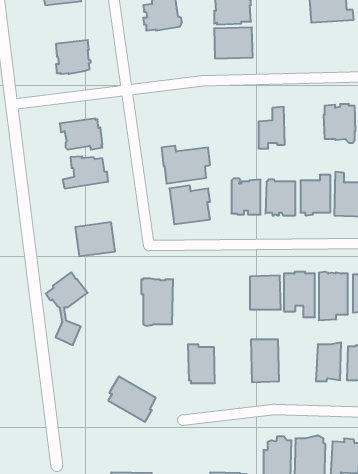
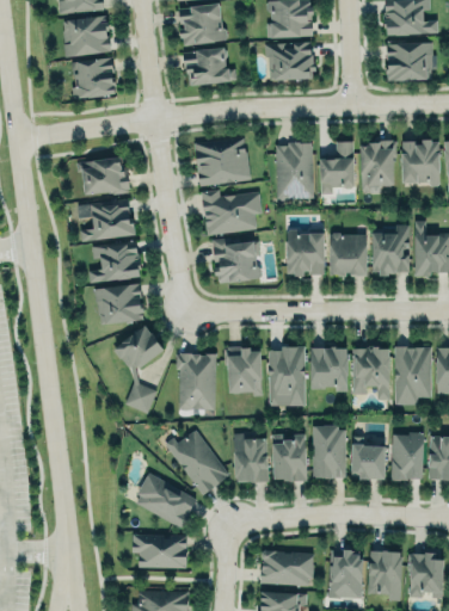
building: none -> [63,17,110,58]
building: none -> [386,41,431,82]
building: none -> [183,49,235,87]
building: none -> [195,137,251,186]
building: none -> [361,137,398,189]
building: none -> [277,142,314,200]
building: none -> [88,241,141,282]
building: [46,272,88,345] -> [115,323,166,413]
building: none -> [224,345,262,395]
building: none -> [270,345,306,405]
building: none -> [168,428,229,496]
building: none -> [272,431,308,481]
building: none -> [352,442,386,477]
building: none -> [133,535,187,569]
building: none -> [262,551,313,586]

